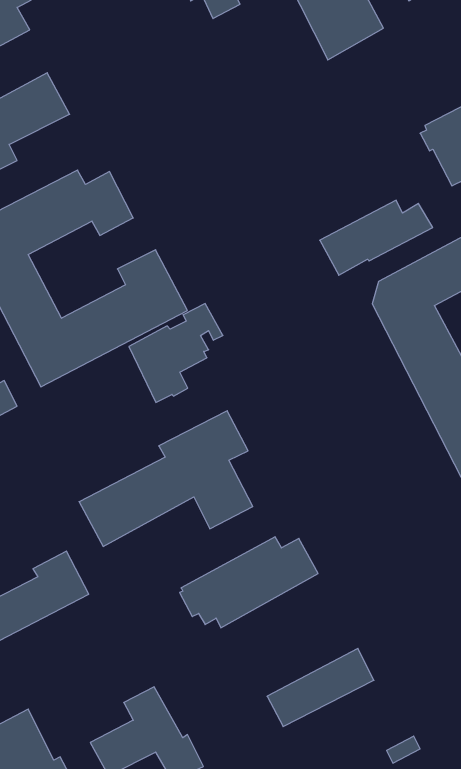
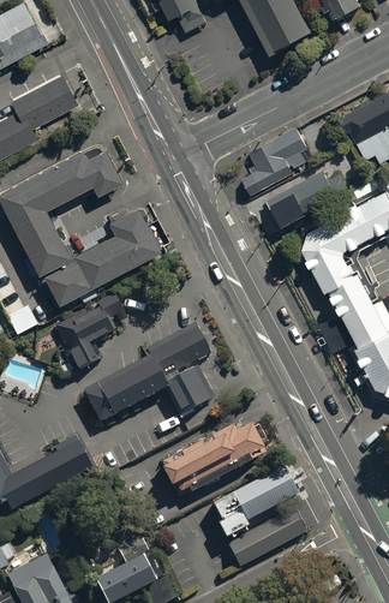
building: none -> [241,127,307,196]
building: [129,304,223,402] -> [55,294,126,369]
building: none -> [210,466,295,537]

